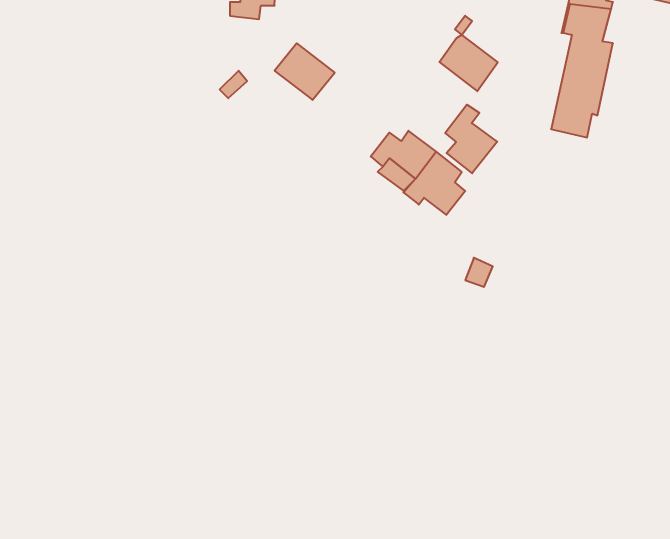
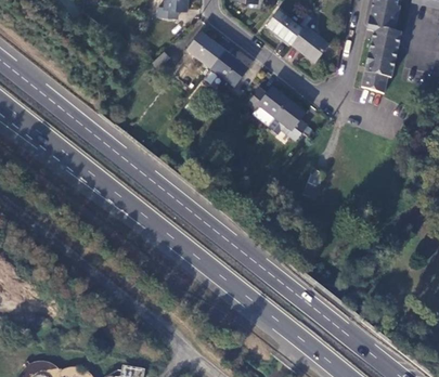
building: none -> [268,11,302,44]
building: none -> [211,51,248,87]
building: [445,105,497,173] -> none

